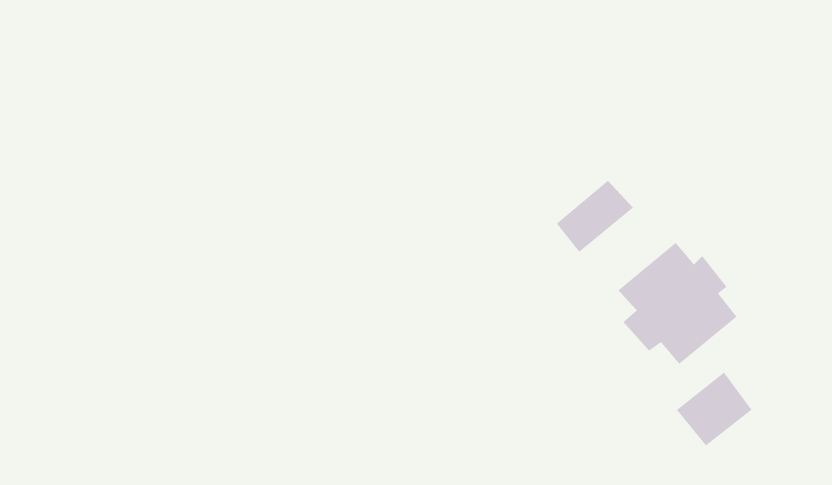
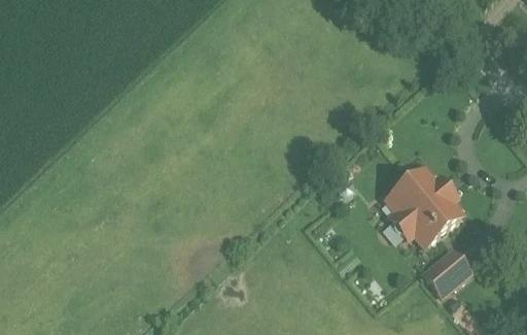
building: [556,180,634,253] -> none

